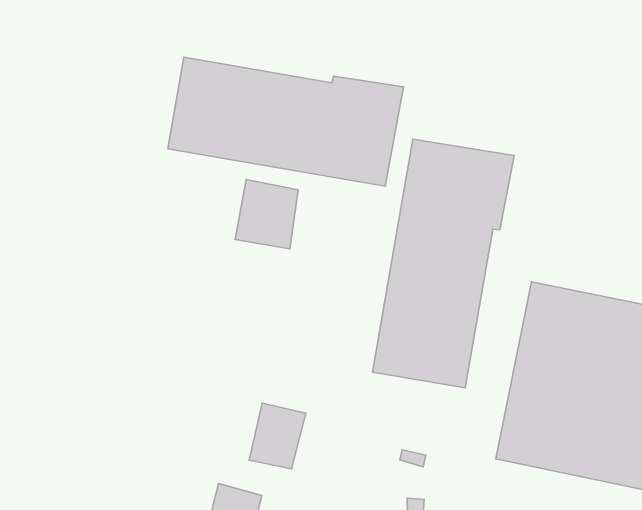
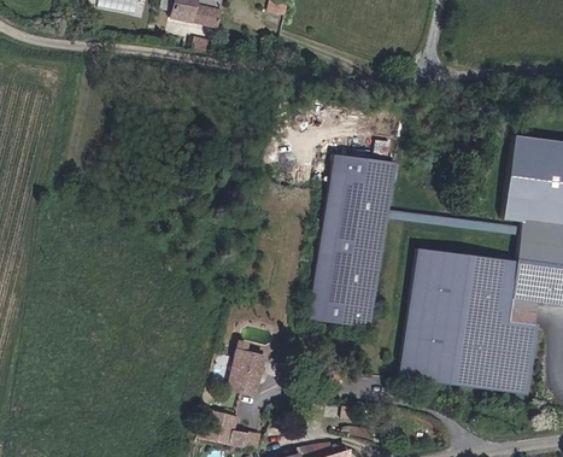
building: [168,57,403,186] -> none
building: [235,179,298,249] -> none

